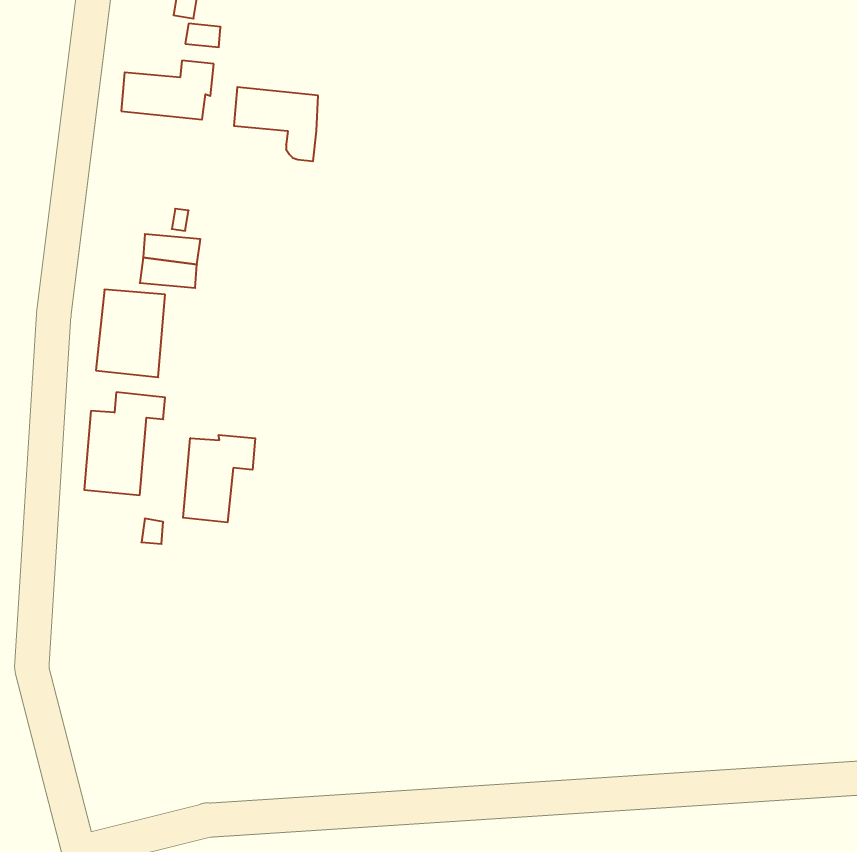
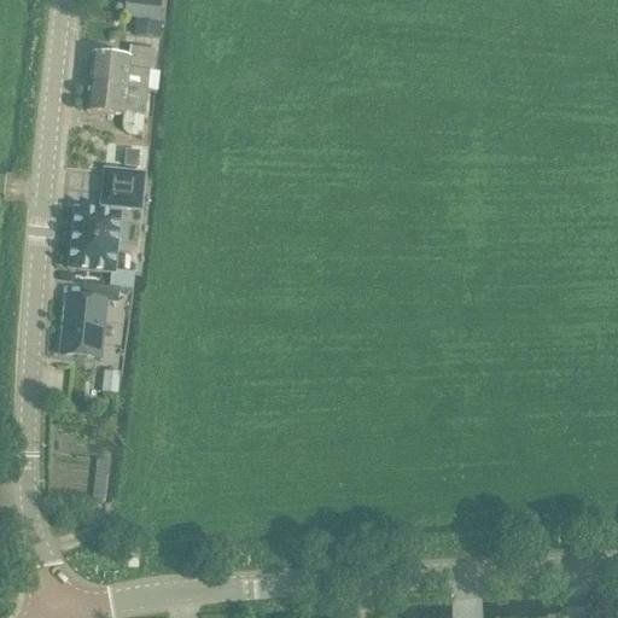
building: [234,87,318,161] -> [87,80,147,133]
building: [183,435,255,522] -> none

